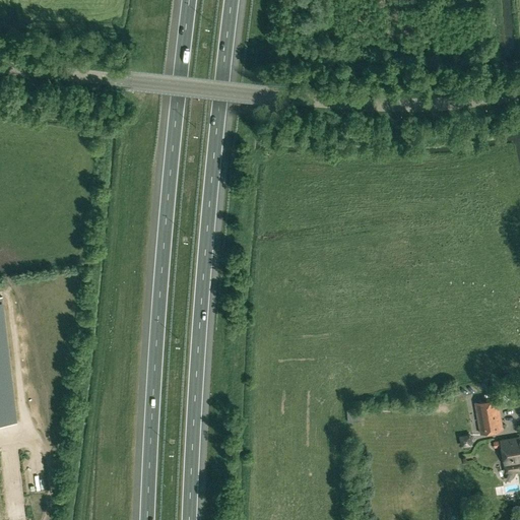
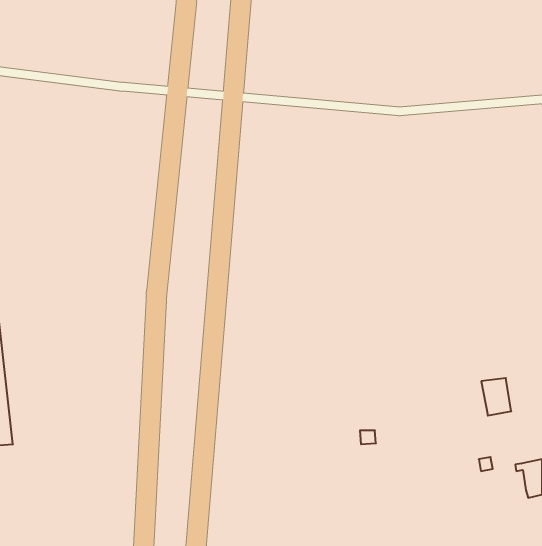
building: [469,399,498,435] -> [481,378,511,416]

